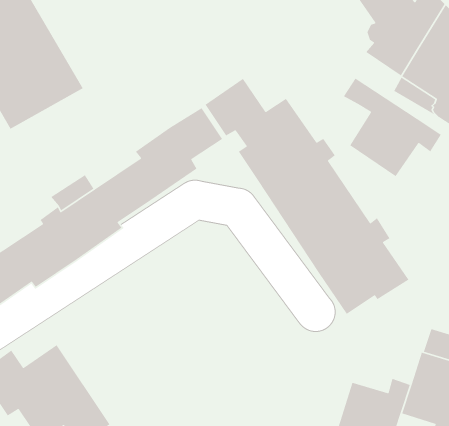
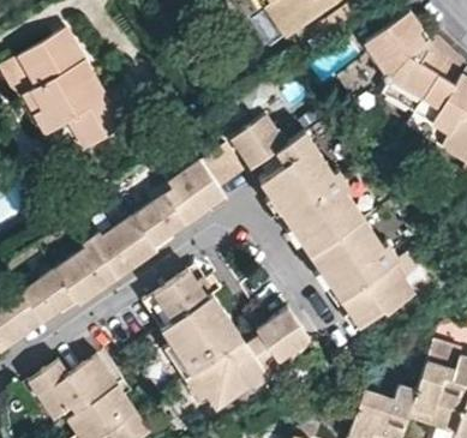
building: [343,78,442,177] -> none
building: none -> [145,269,311,408]

